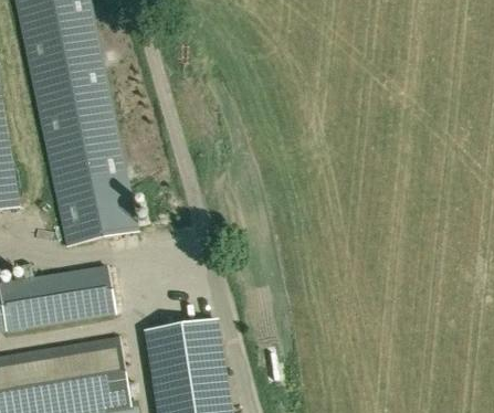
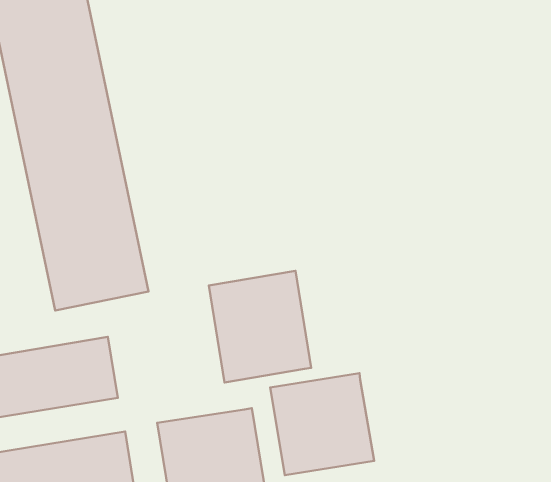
building: none -> [209,271,311,383]
building: none -> [270,373,374,475]

